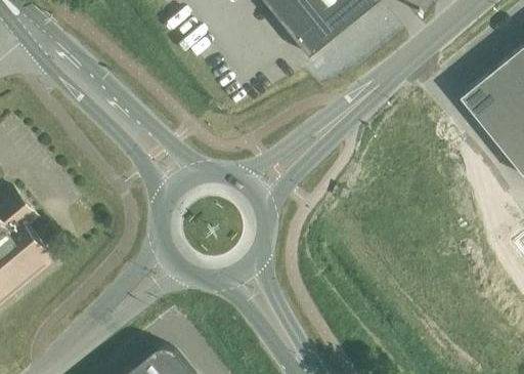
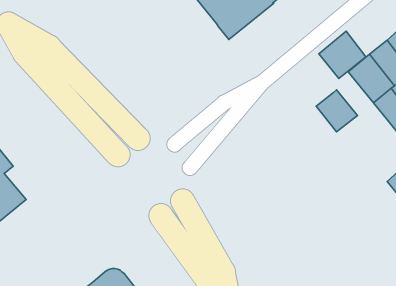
building: none -> [319,31,366,79]
building: none -> [316,90,358,132]

